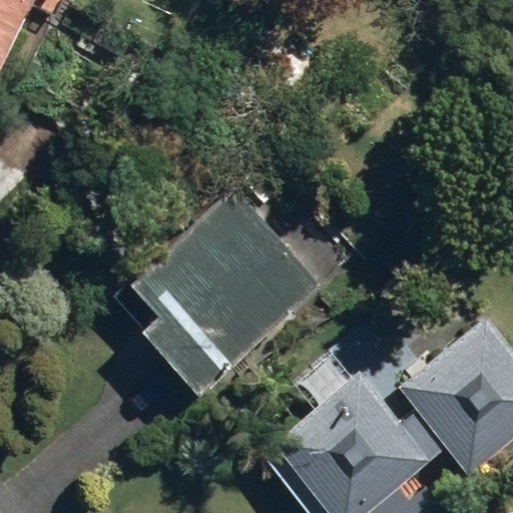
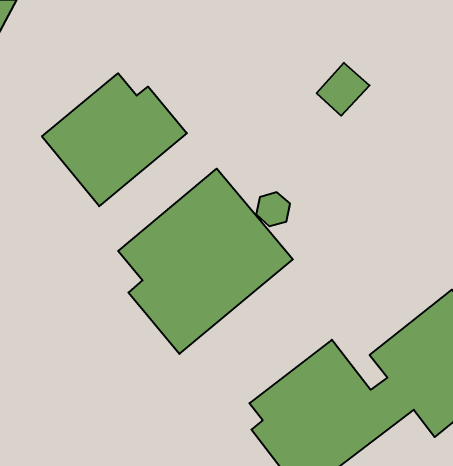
building: none -> [42,73,187,206]

